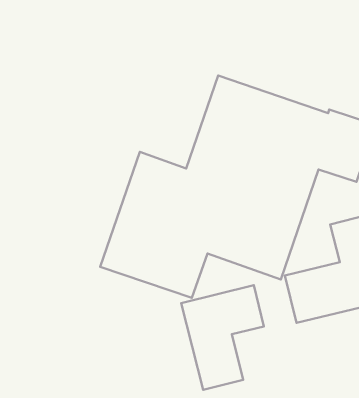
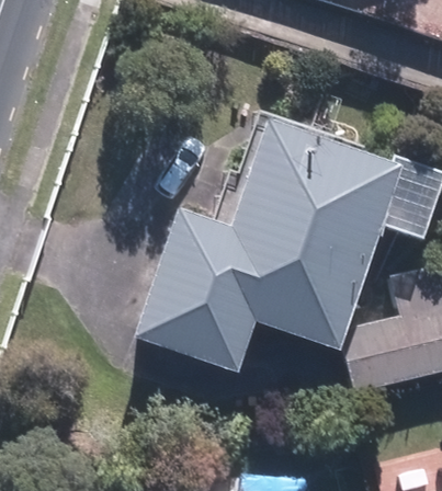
building: [181,285,264,390] -> none

